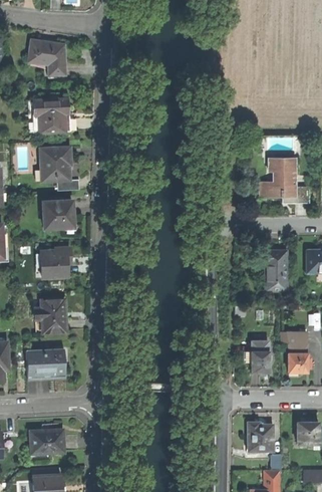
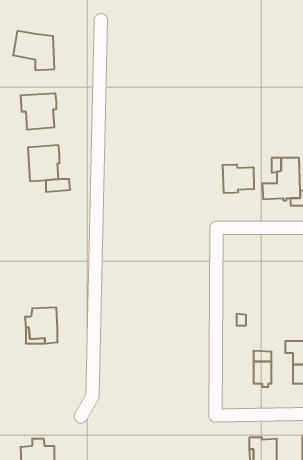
building: none -> [223,164,254,193]
building: [44,200,74,228] -> none
building: [42,248,70,277] -> none
building: [262,250,287,290] -> none
building: [26,348,66,377] -> none

